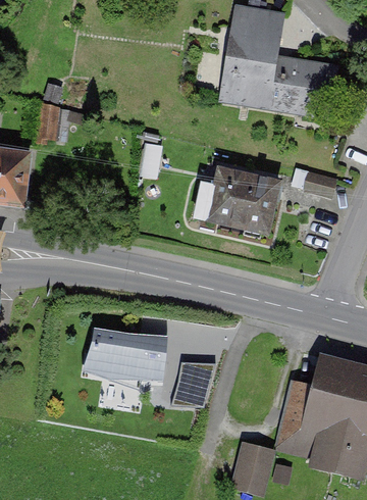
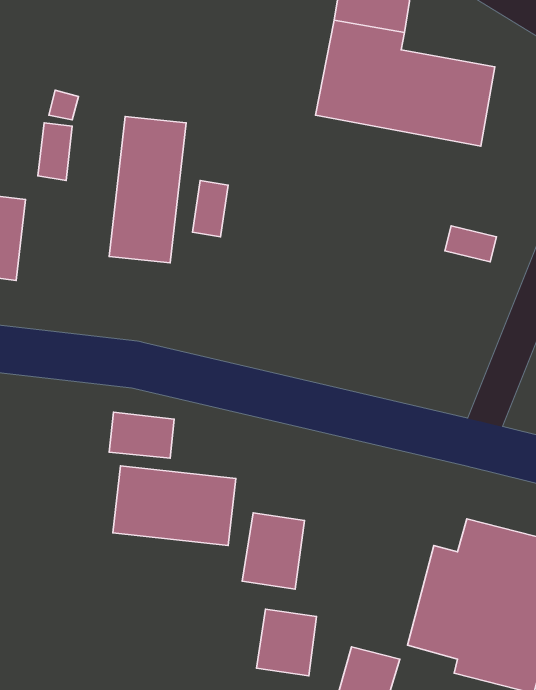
building: none -> [109,116,186,263]
building: [194,168,277,233] -> none
building: none -> [109,412,174,458]
building: none -> [257,609,316,676]

